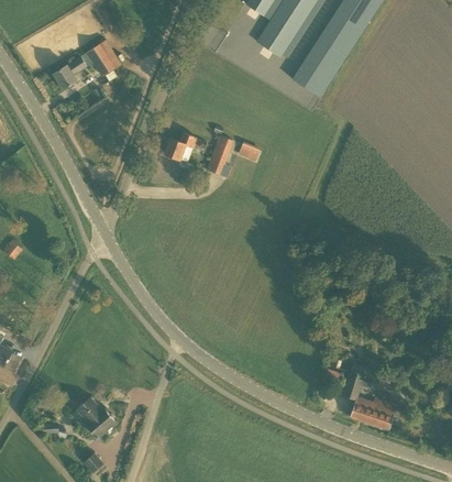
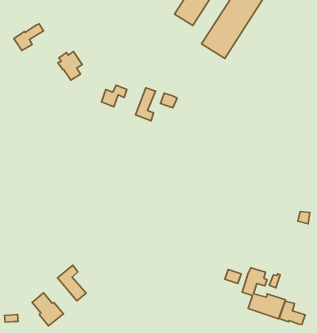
building: [86,39,117,75] -> [58,52,82,80]
building: none -> [57,265,86,301]
building: none -> [279,301,305,325]

